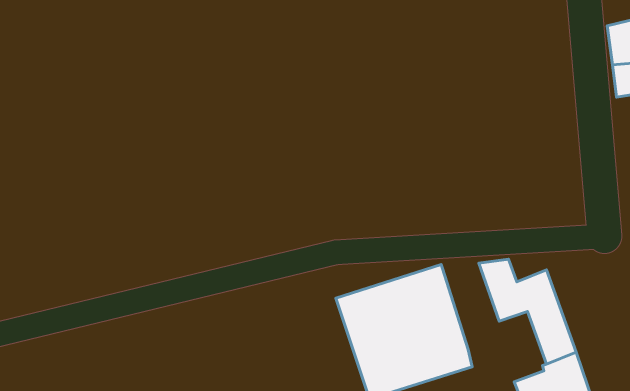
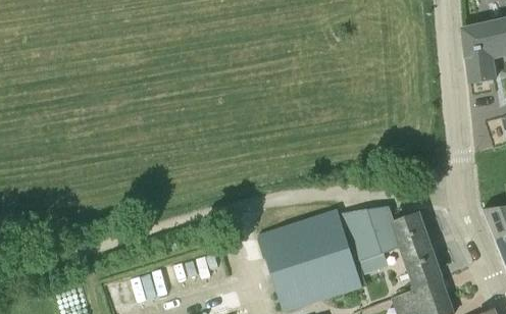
building: none -> [340,208,387,273]

